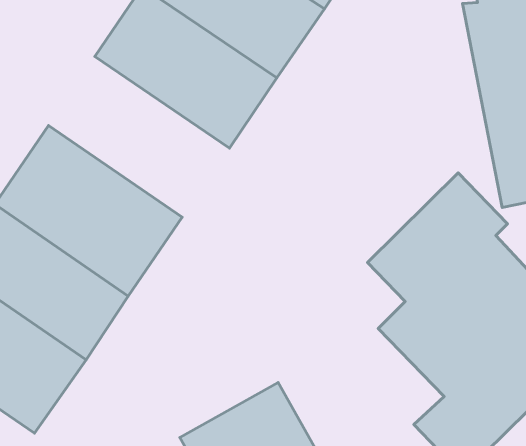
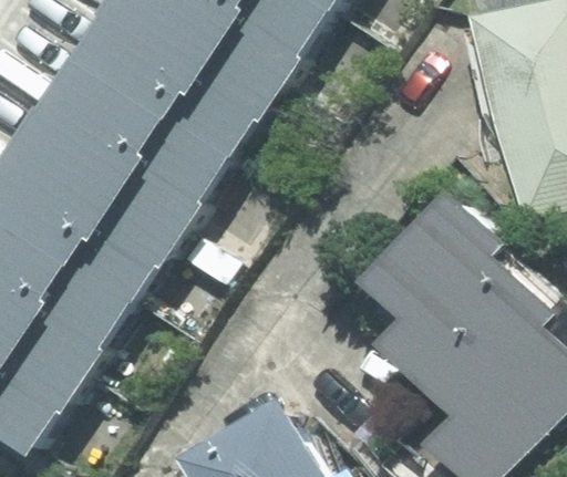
building: none -> [55,63,241,228]

